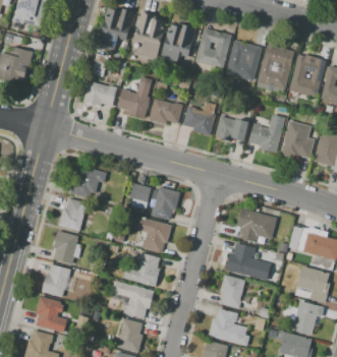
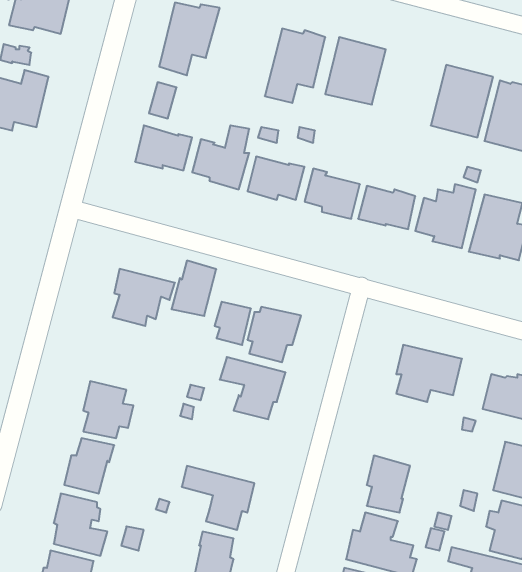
building: [134,12,167,60] -> none
building: [226,41,262,80] -> none
building: [60,198,87,231] -> [171,261,216,316]
building: [226,243,271,281] -> none
building: [123,252,160,287] -> none

